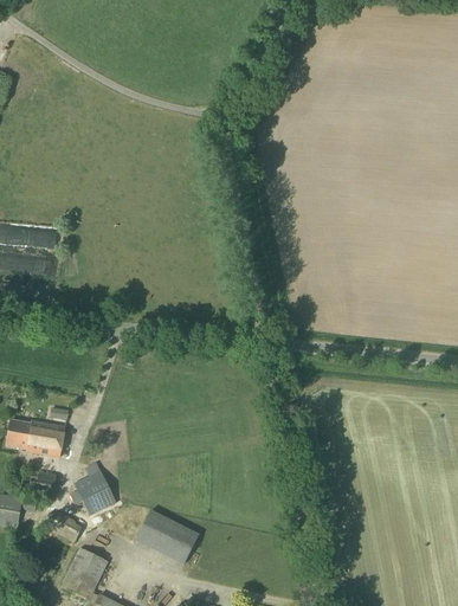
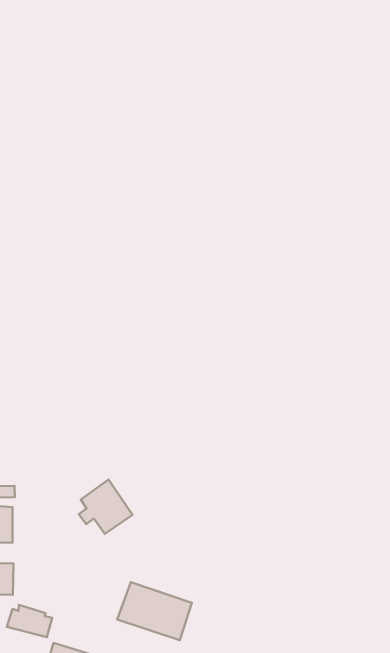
building: [70,470,115,515] -> [79,480,133,534]

